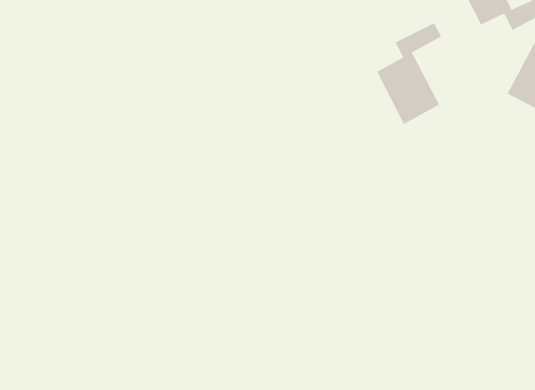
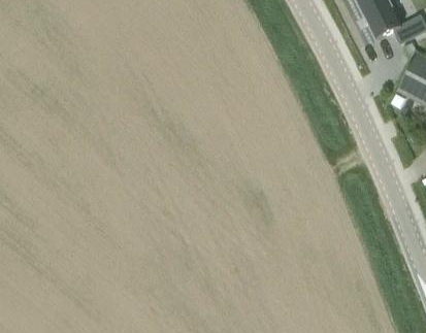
building: [376,22,442,125] -> none

